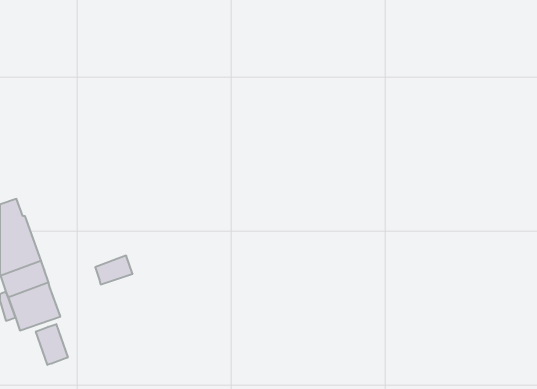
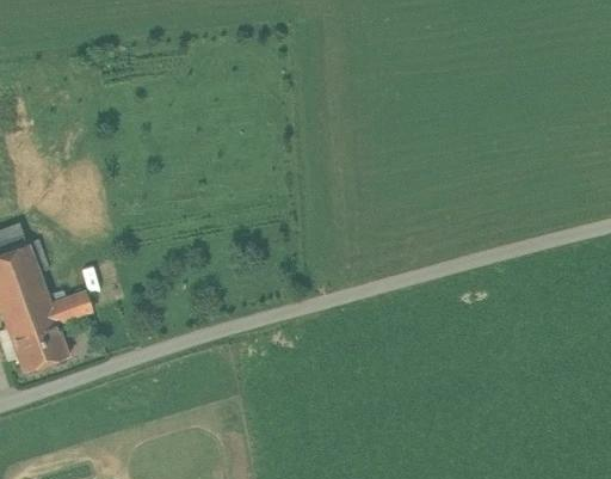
building: [95,256,133,284] -> [50,289,92,321]
building: [36,324,68,365] -> none

